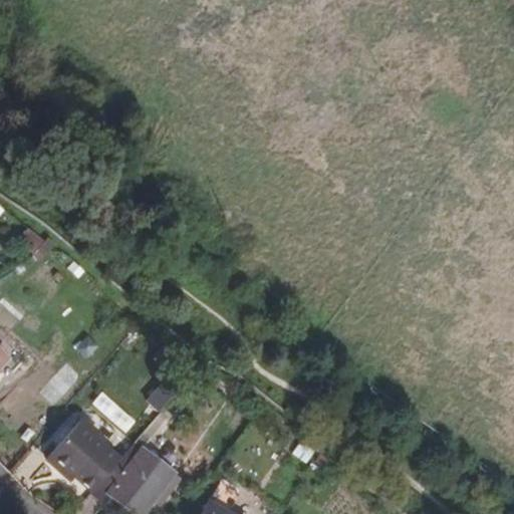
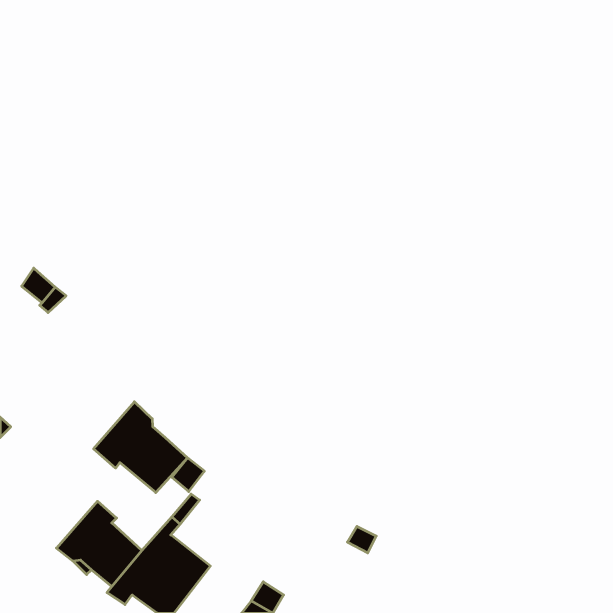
building: none -> [94,402,188,493]

